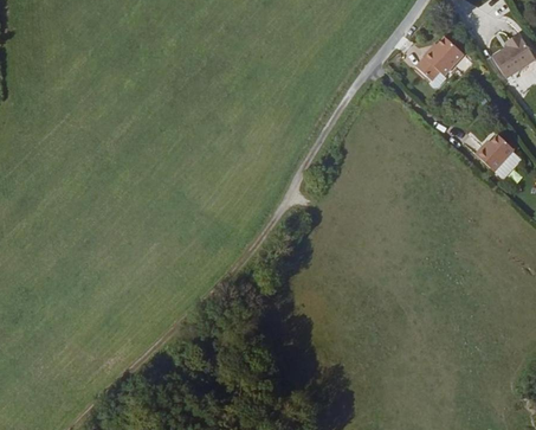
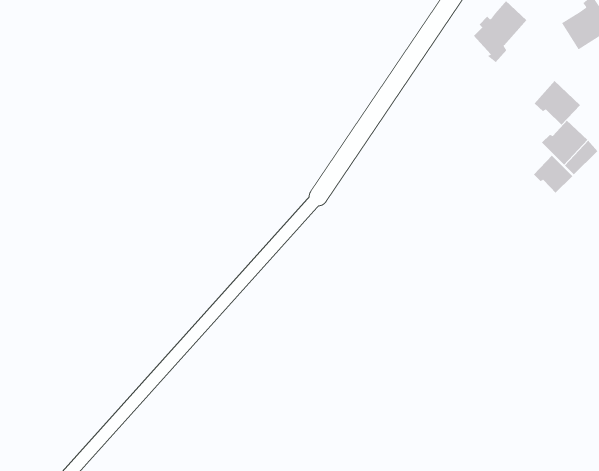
building: none -> [534,80,581,126]
building: none -> [533,155,573,194]

